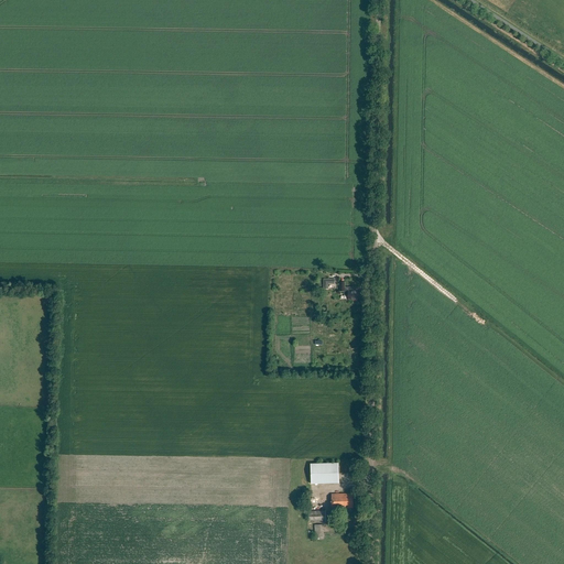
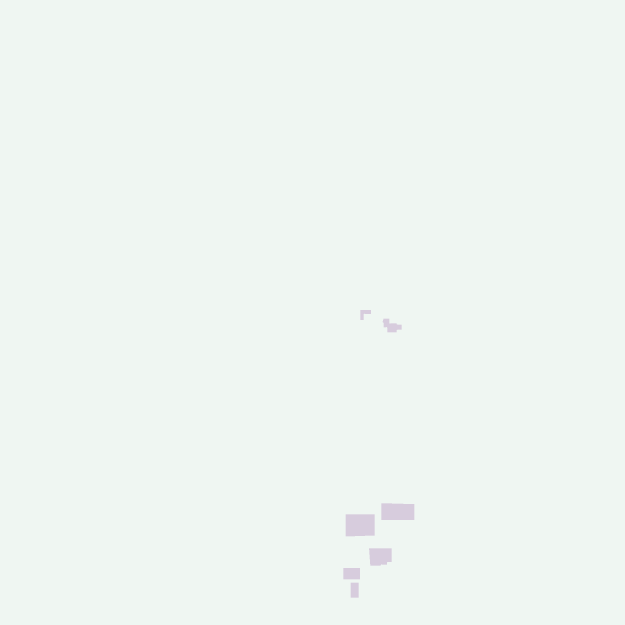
building: none -> [381,502,415,521]

